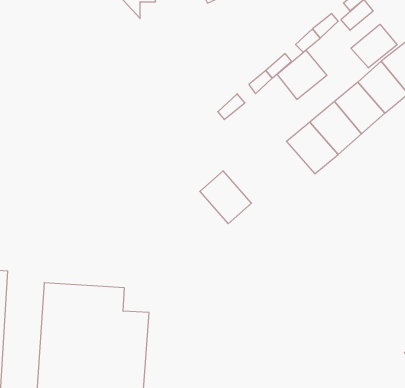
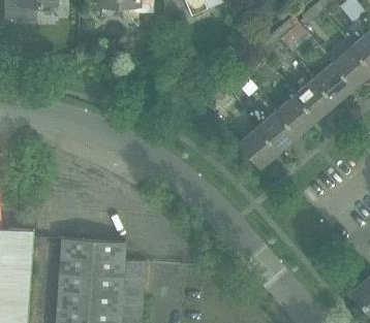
building: [351,24,397,68] -> none
building: [277,50,327,100] -> none
building: [200,171,252,224] -> [236,126,277,168]

